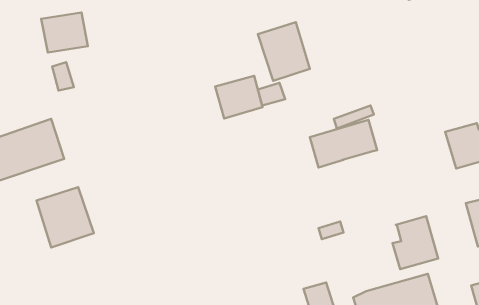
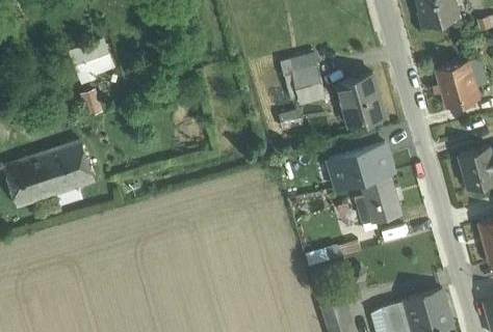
building: none -> [435,59,487,110]
building: none -> [337,76,385,128]
building: [215,76,263,119] -> none
building: [36,187,94,247] -> none
building: [393,216,438,269] -> [357,174,400,225]

